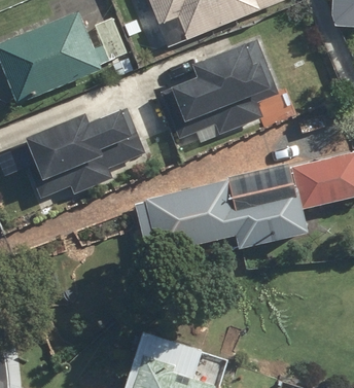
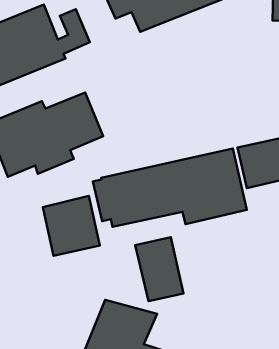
building: [161,39,277,139] -> none
building: none -> [43,196,100,256]
building: none -> [135,237,183,301]

